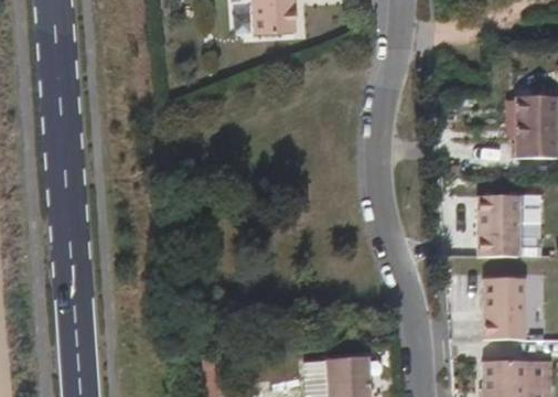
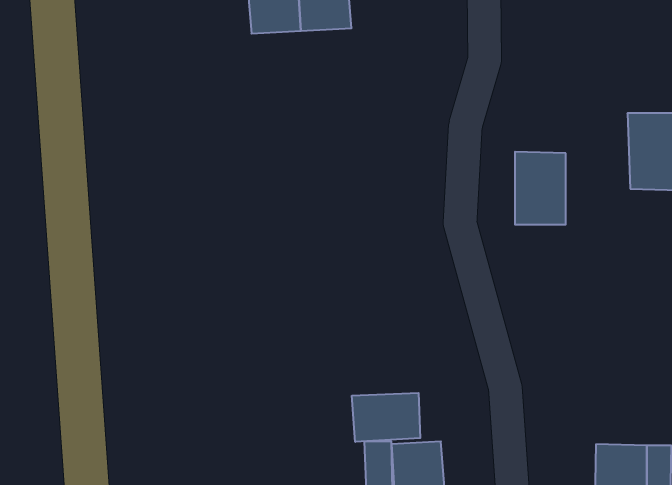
building: [479,196,519,255] -> [515,152,566,225]
building: [479,279,519,333] -> none
building: none -> [352,393,420,442]

